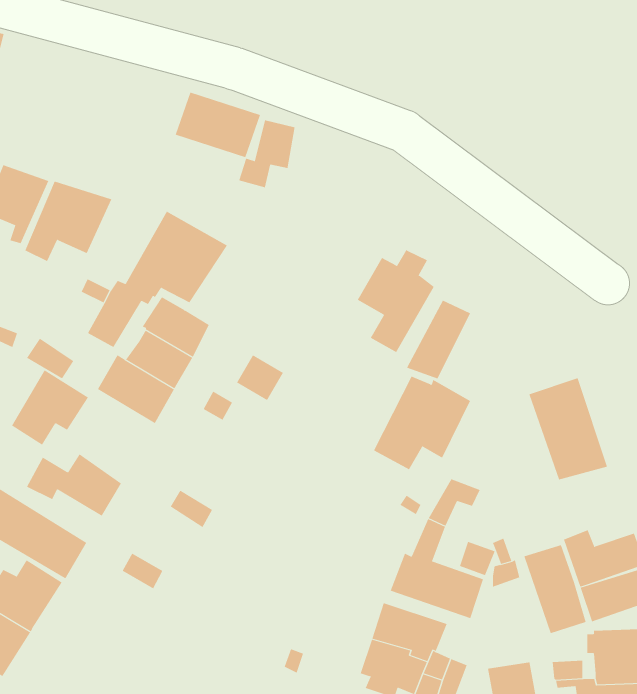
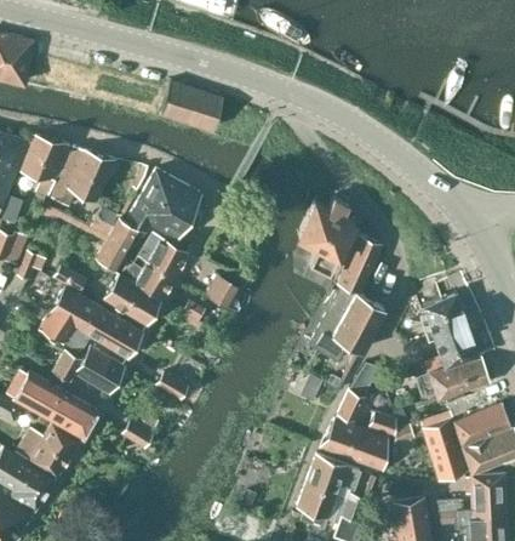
building: [238,120,295,188] -> none
building: none -> [81,306,143,358]
building: none -> [414,355,491,398]

